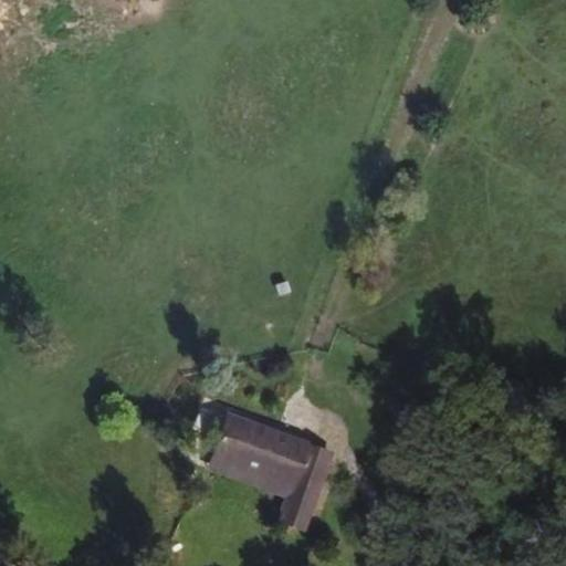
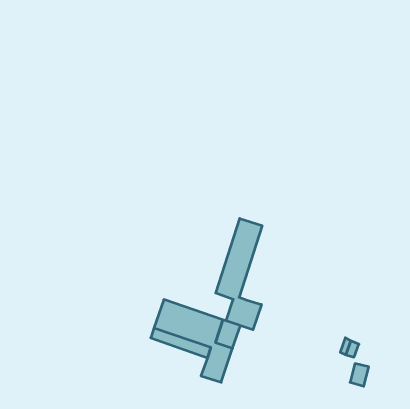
building: none -> [216,218,262,330]

